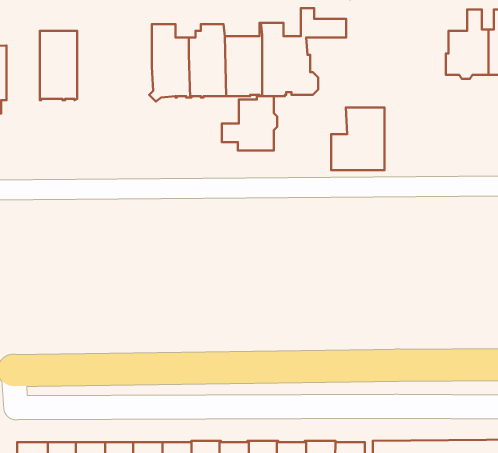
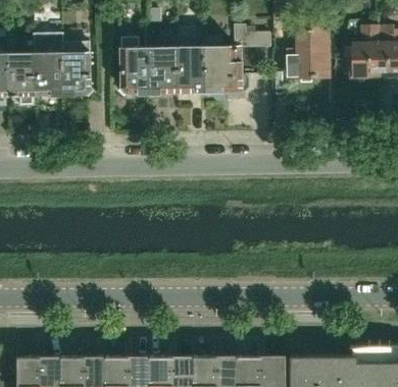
building: none -> [63,42,94,97]
building: none -> [9,53,35,105]
building: [222,96,277,151] -> none
building: [331,108,384,170] -> [287,29,328,76]

